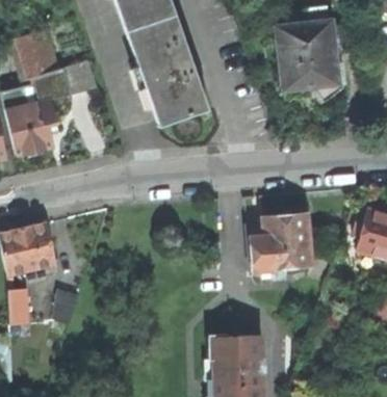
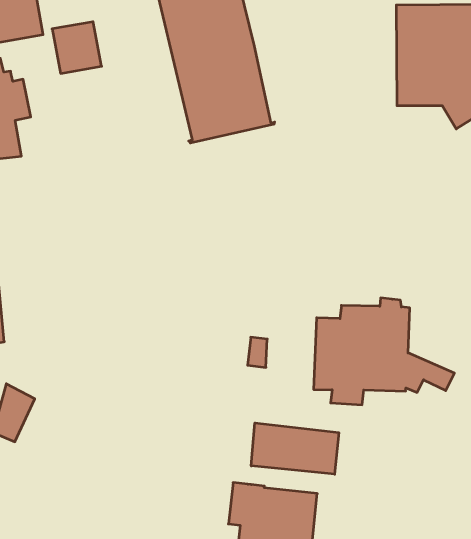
building: none -> [251,423,339,474]

